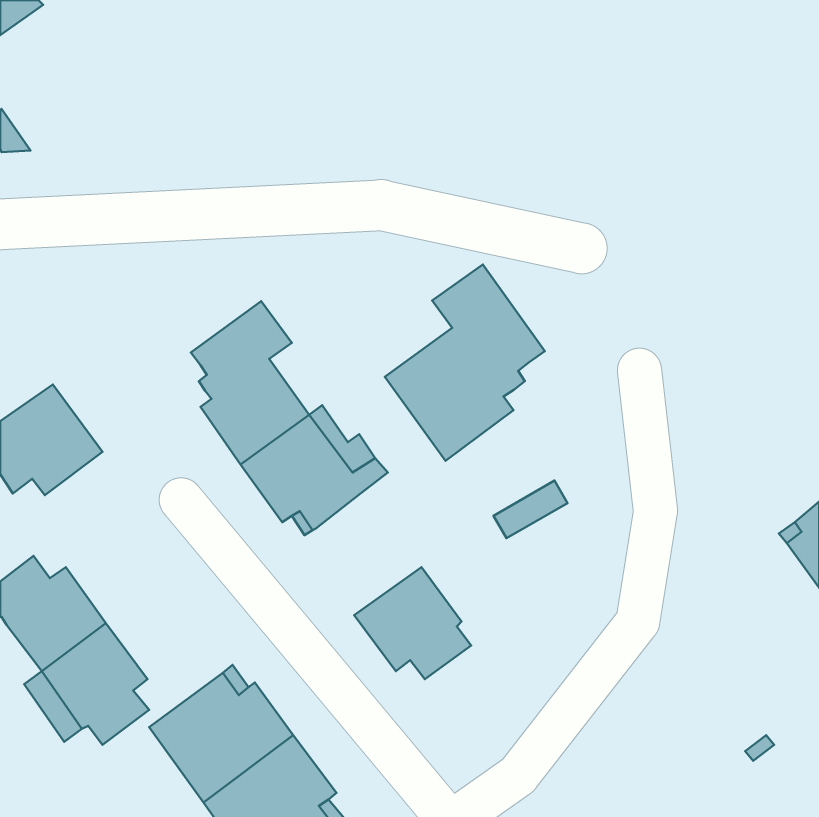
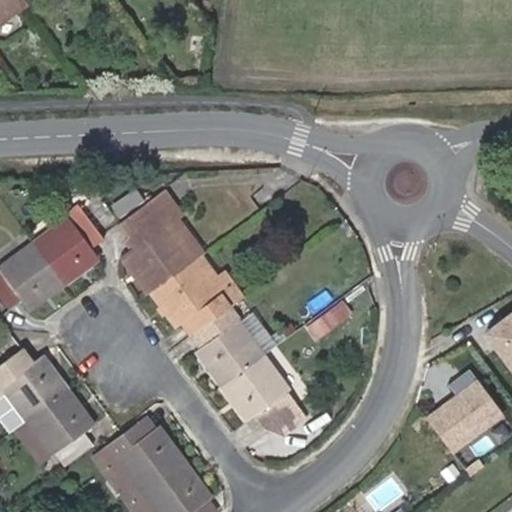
building: [385,265,545,461] -> none
building: none -> [33,206,104,283]
building: none -> [197,309,263,385]
building: none -> [427,380,505,455]

